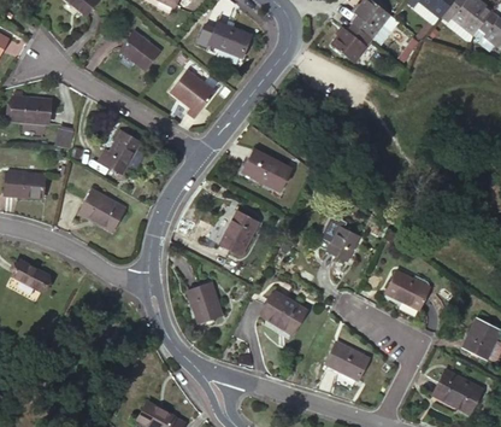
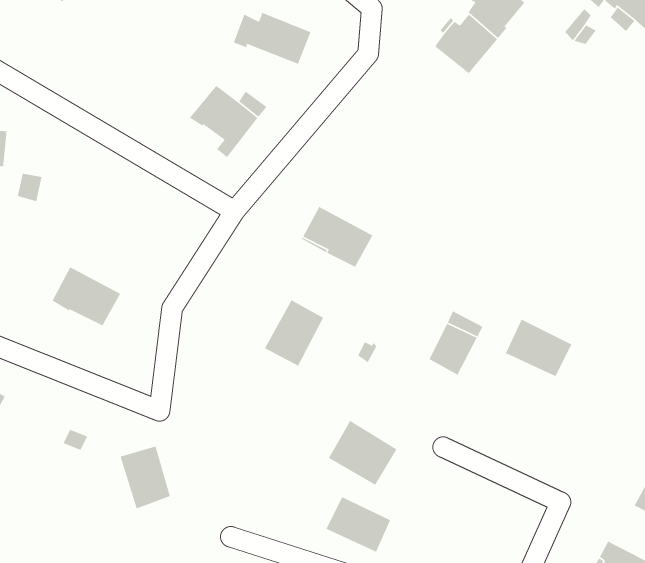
building: [120,33,159,70] -> none
building: [100,131,141,175] -> none
building: [385,270,430,309] -> [505,319,572,377]
building: [188,282,222,324] -> [120,445,171,509]
building: [325,343,369,380] -> [325,496,391,553]

